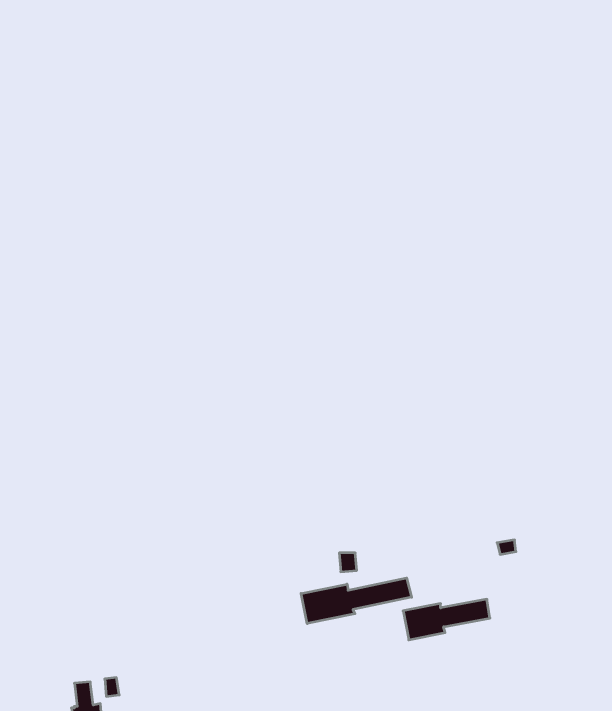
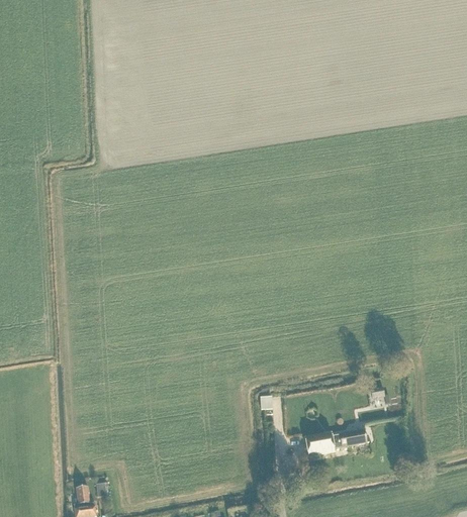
building: [301,578,412,624] -> none

